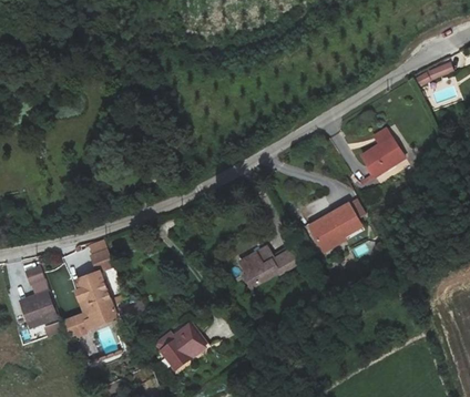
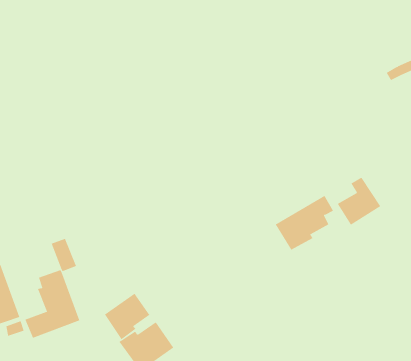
building: [361,126,405,174] -> [337,177,381,225]
building: [239,246,298,286] -> none
building: none -> [104,293,150,340]

